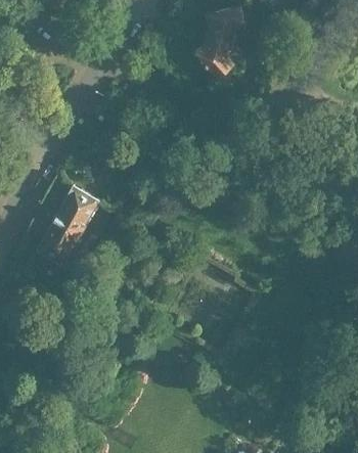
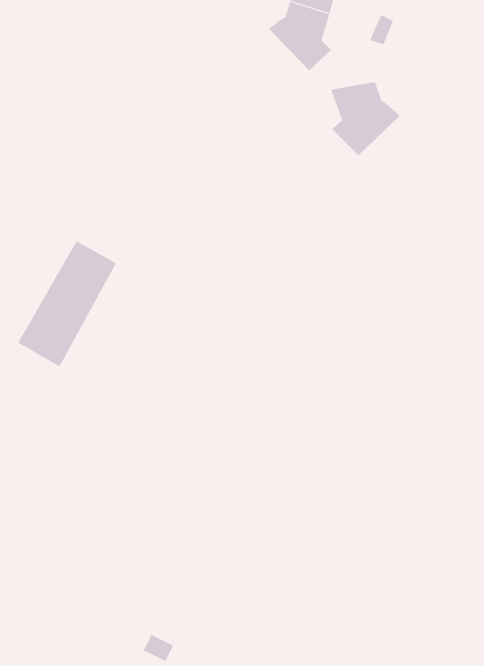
building: none -> [331,81,401,156]

